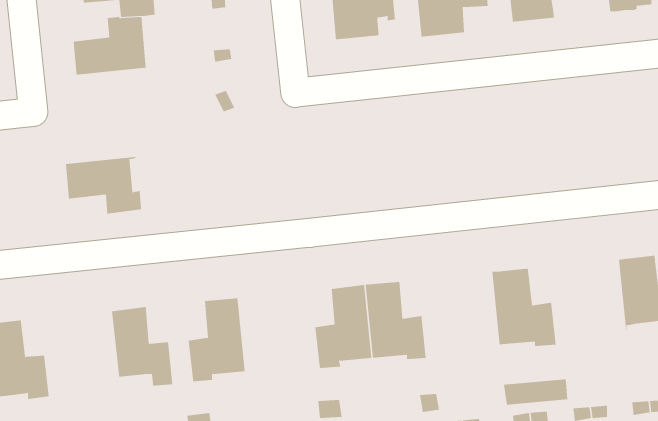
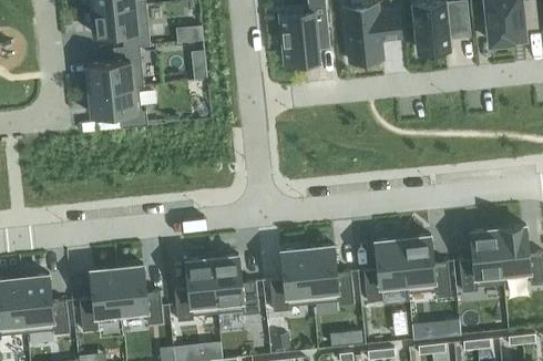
building: [65,157,142,214] -> [90,85,147,128]
building: none -> [459,229,503,292]
building: none -> [363,238,408,302]
building: none -> [212,256,258,314]
building: none -> [79,268,122,331]

